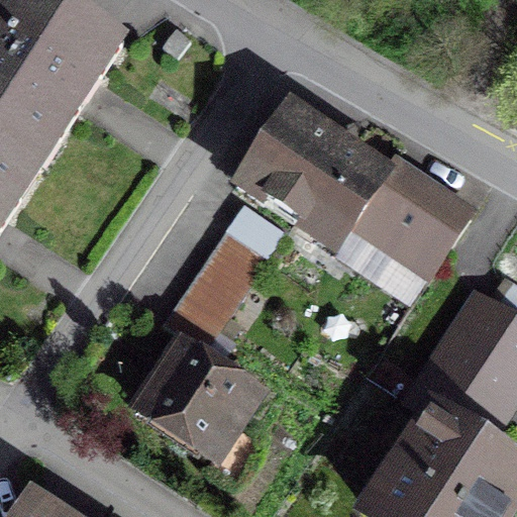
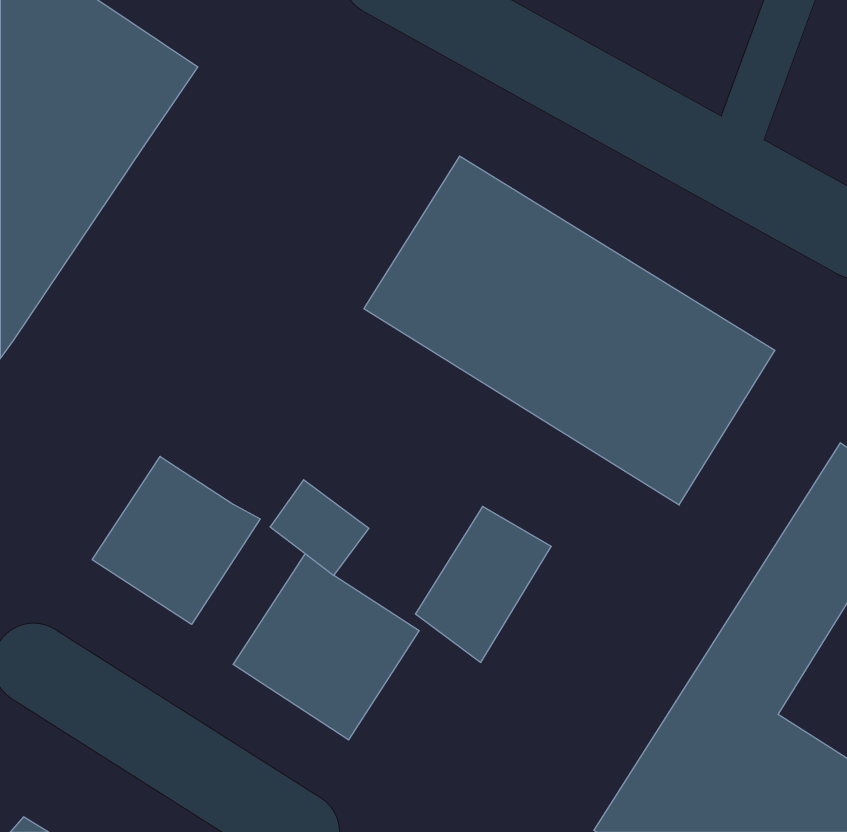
building: [189,224,271,318] -> [415,506,551,662]
building: none -> [92,456,260,624]

